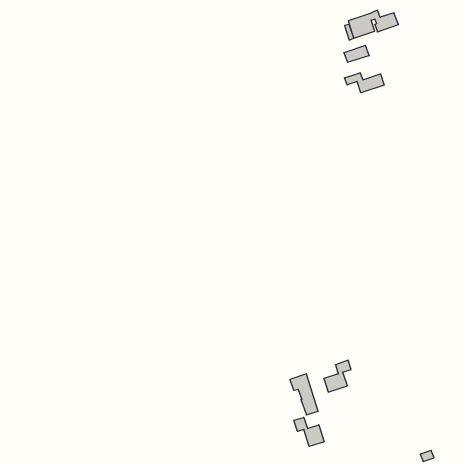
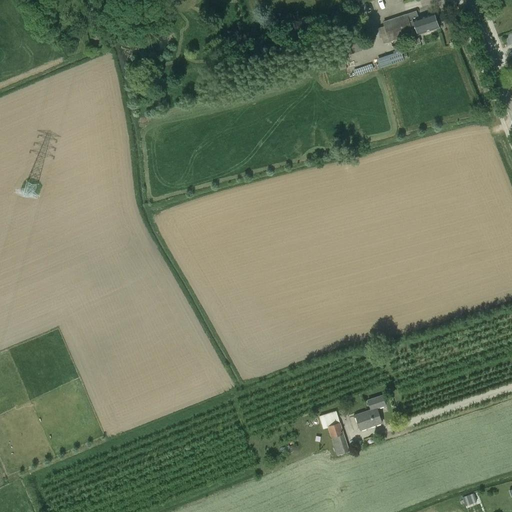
building: [344,73,384,93] -> none
building: [294,417,324,446] -> none

